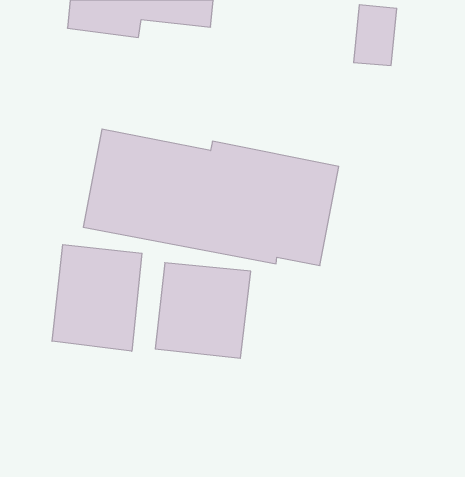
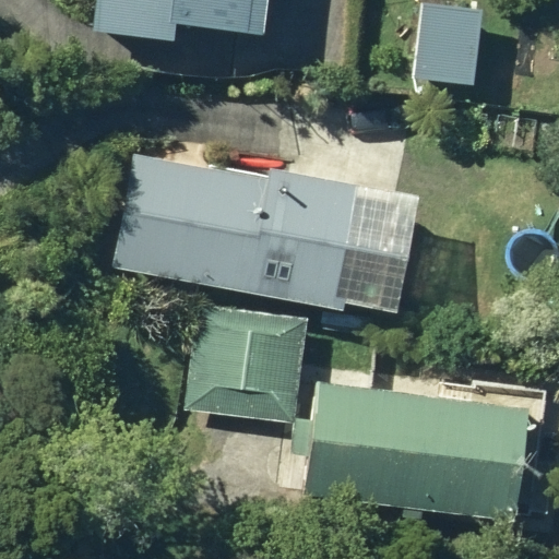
building: [52,245,142,351] -> none
building: none -> [293,383,523,518]

